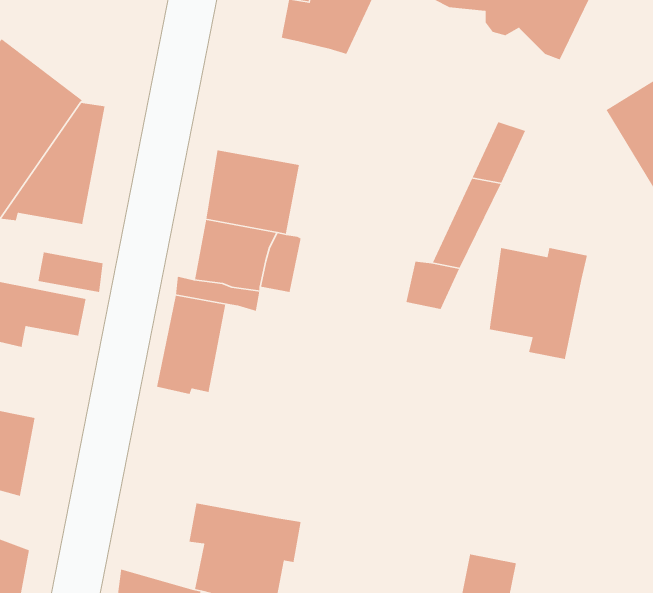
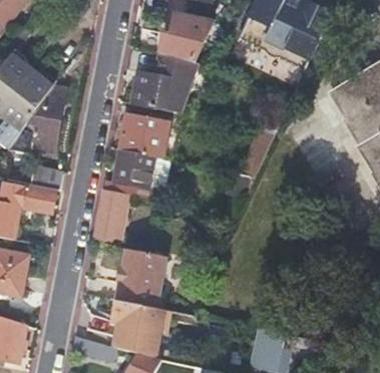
building: none -> [131,53,196,111]
building: [489,247,588,360] -> none
building: none -> [113,249,165,308]

